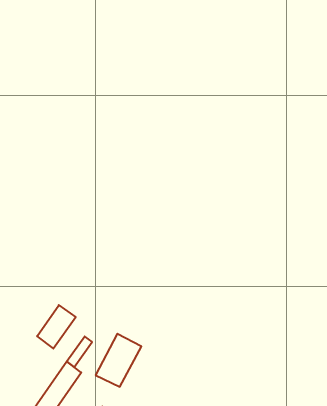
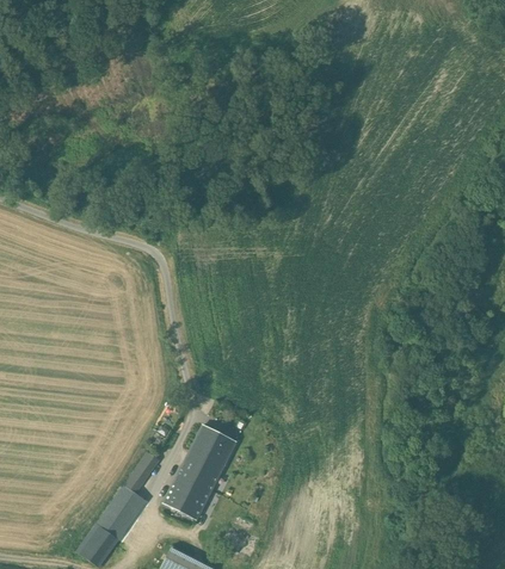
building: [37,305,76,349] -> none
building: none -> [191,426,235,466]

